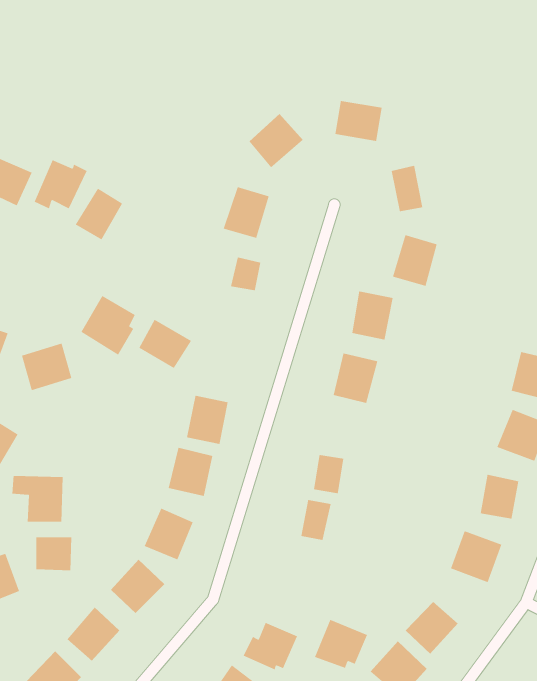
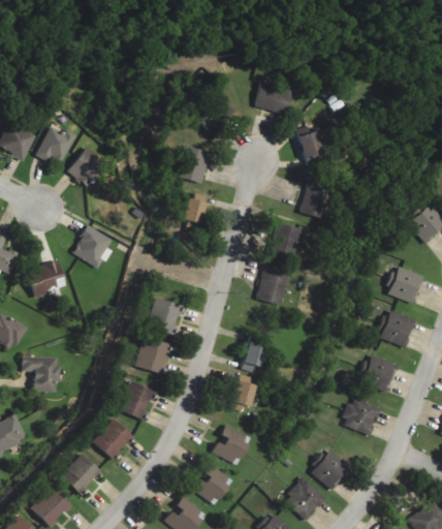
building: [139,319,192,369] -> none
building: [36,536,72,571] -> none
building: [314,619,368,669] -> [212,426,251,462]

